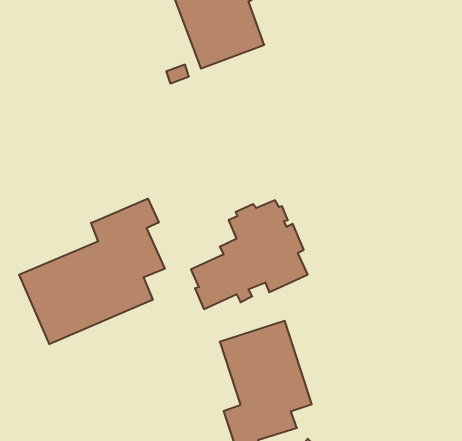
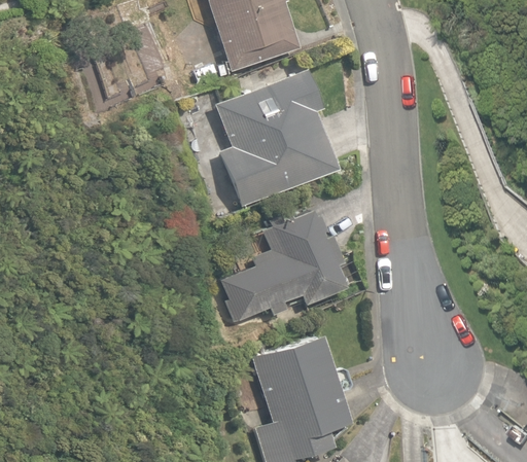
building: none -> [216,71,339,207]
building: [19,199,165,344] -> none

